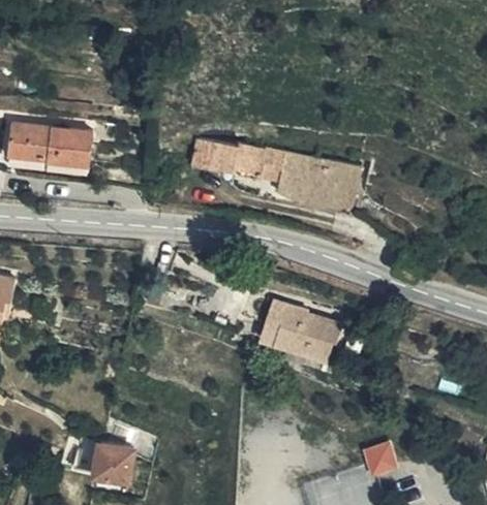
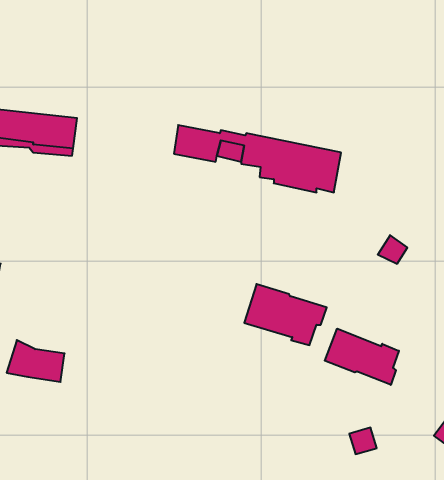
building: none -> [325,329,399,385]
building: [71,434,130,476] -> [7,340,65,382]

